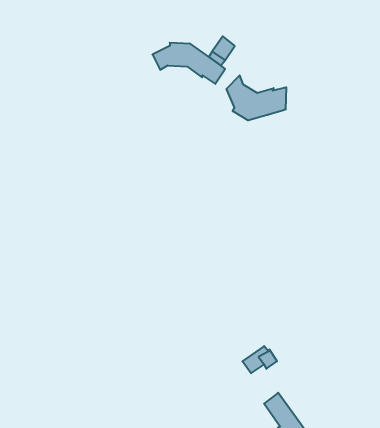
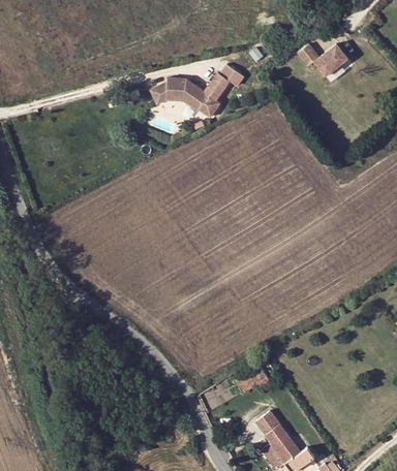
building: none -> [297,43,347,74]
building: [226,75,286,120] -> none

